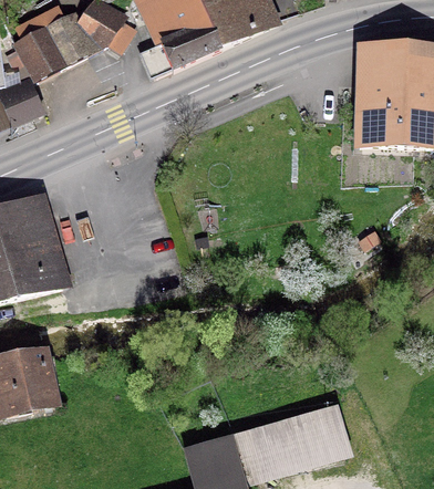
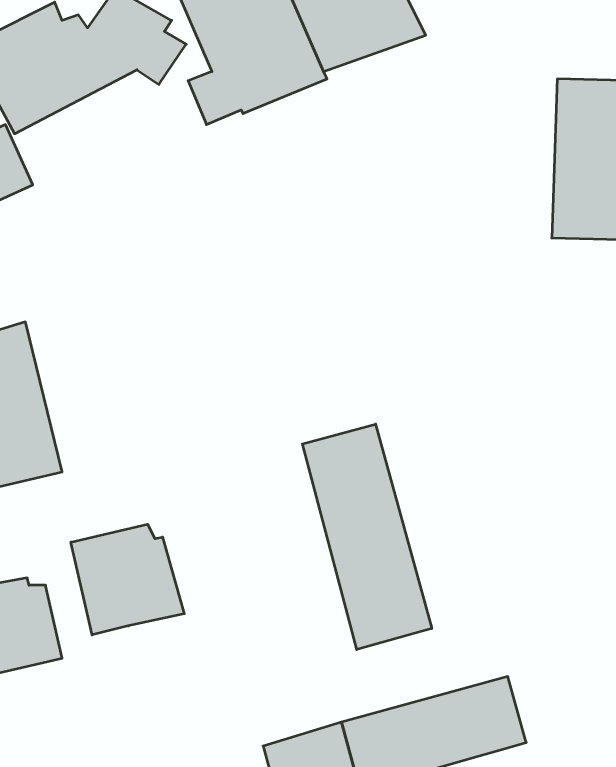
building: none -> [302,424,432,650]
building: none -> [71,524,184,635]

